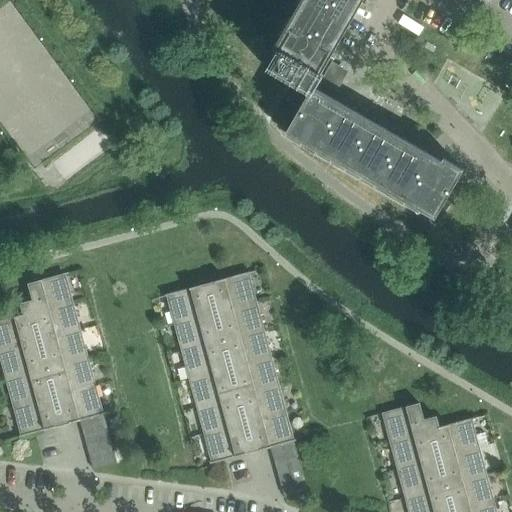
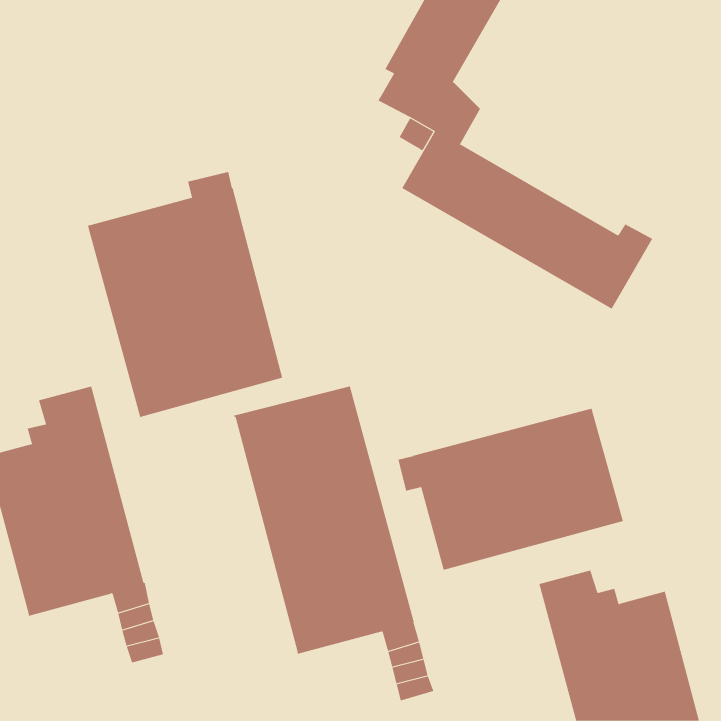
building: none -> [87,171,283,418]
building: none -> [398,408,624,571]

